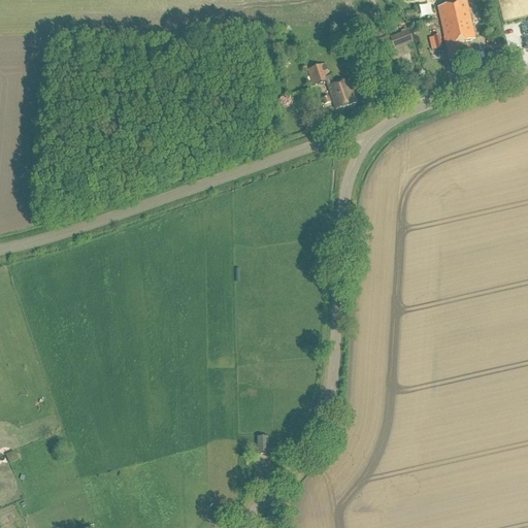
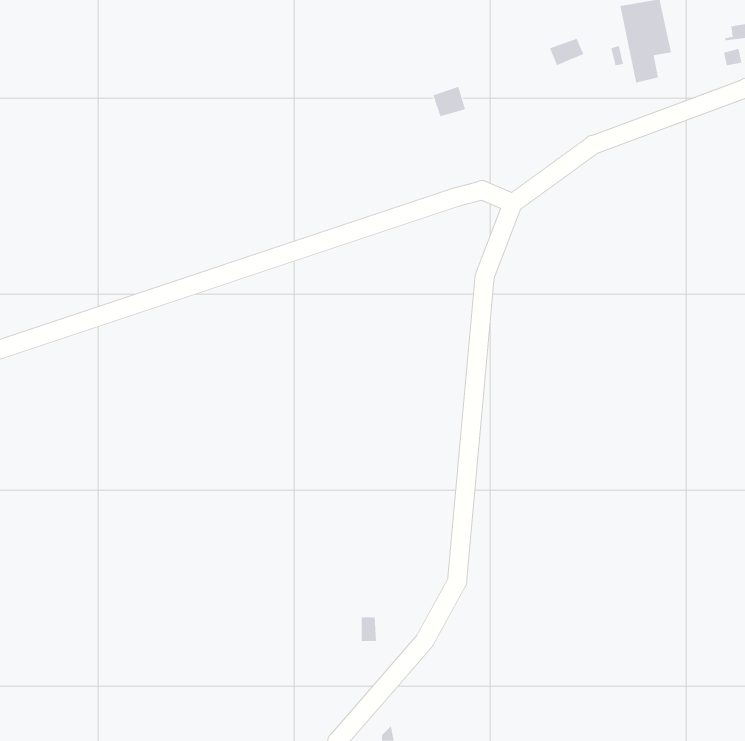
building: [329,77,356,106] -> none

